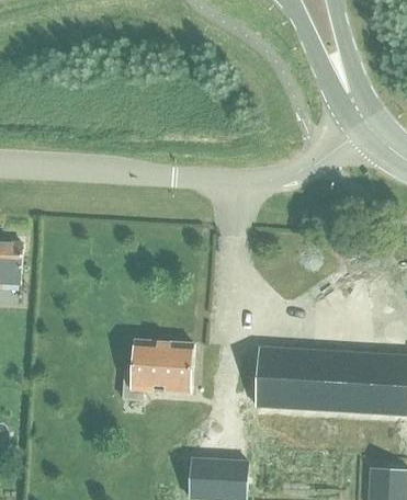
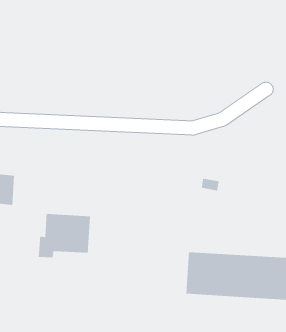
building: [122,339,194,400] -> [38,213,91,258]

